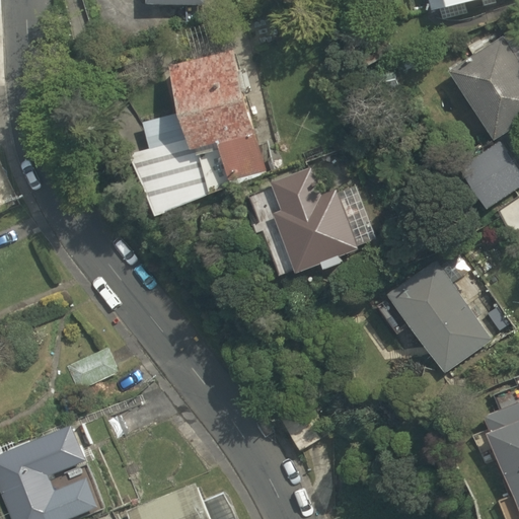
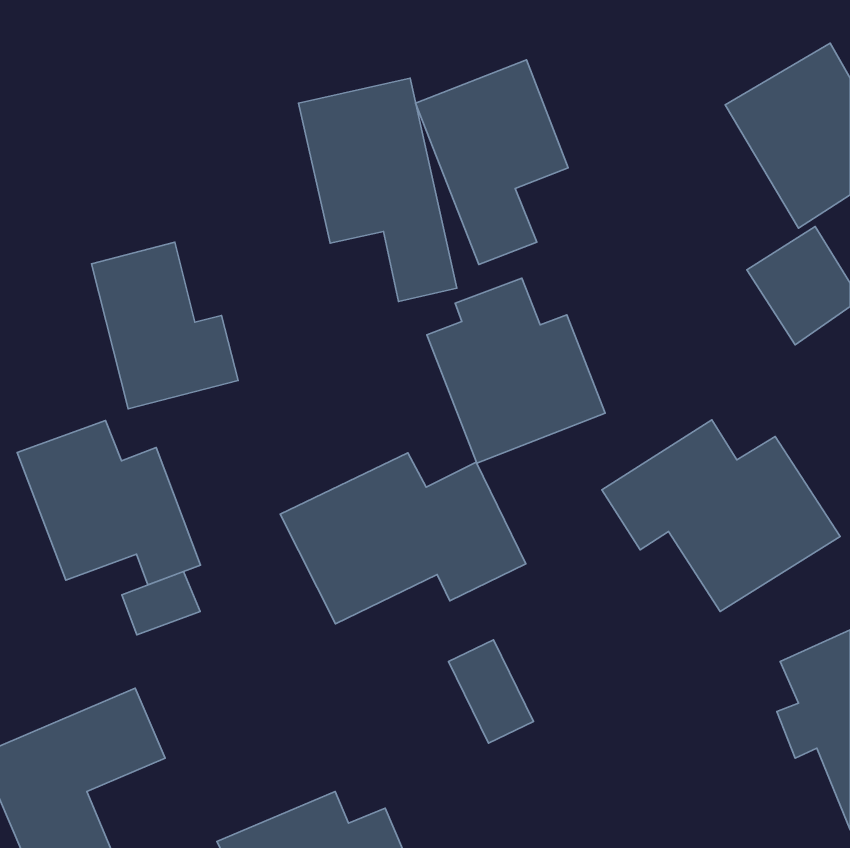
building: none -> [415,60,568,264]
building: [139,112,228,213] -> [91,242,238,409]
building: none -> [17,421,200,585]
building: none -> [280,453,526,624]

